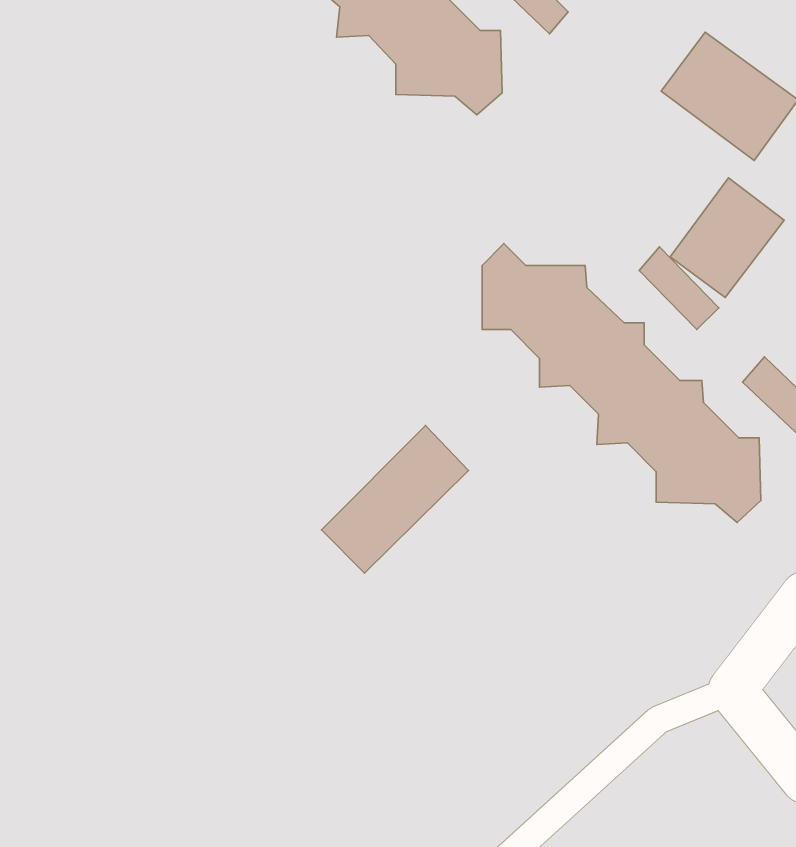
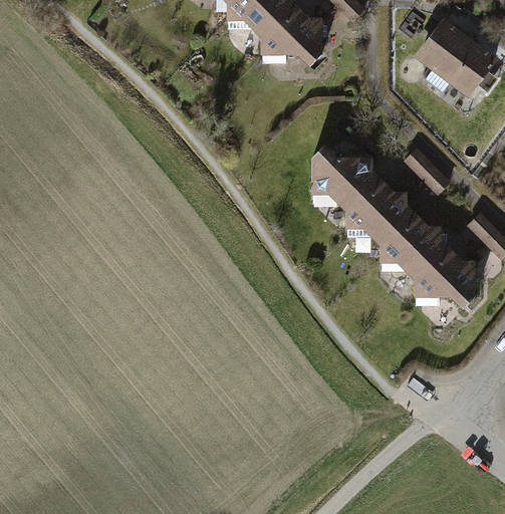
building: [670,178,784,298] -> none
building: [321,426,468,573] -> none

